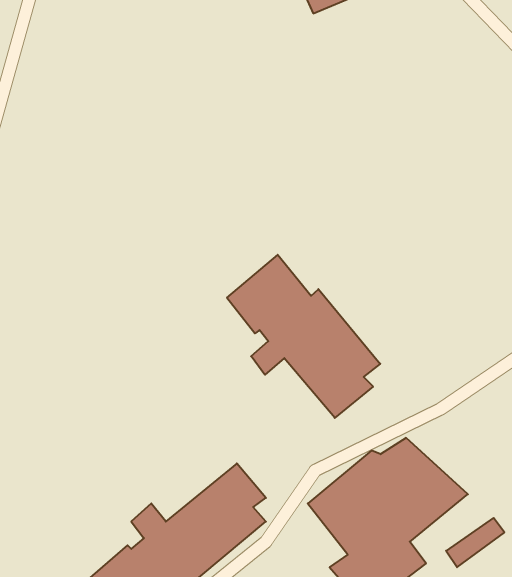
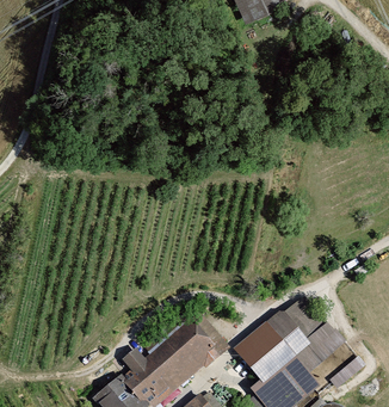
building: [227,255,380,418] -> none

